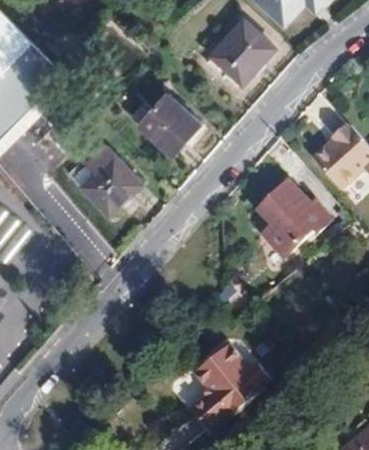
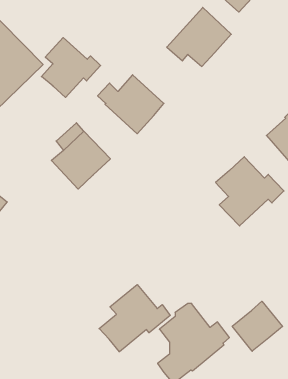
building: none -> [41,38,101,97]
building: none -> [99,285,170,352]
building: none -> [232,301,283,351]

